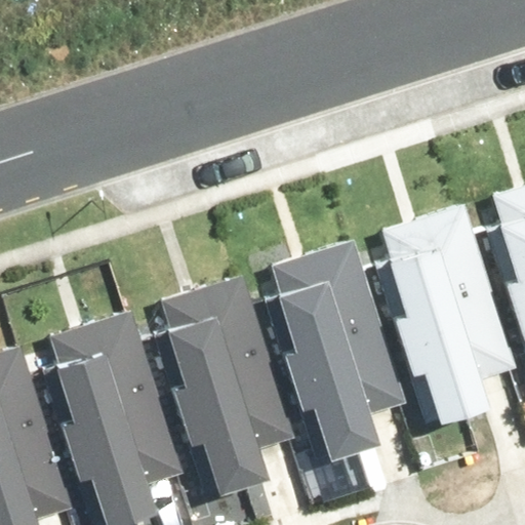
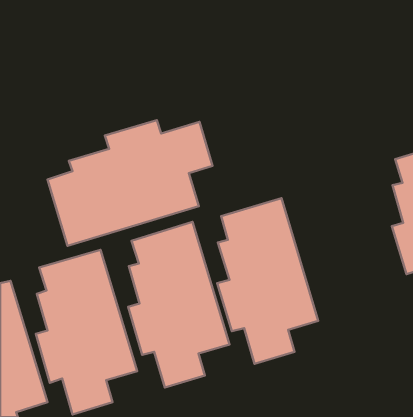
building: none -> [47,120,213,246]
building: [389,211,516,418] -> none

